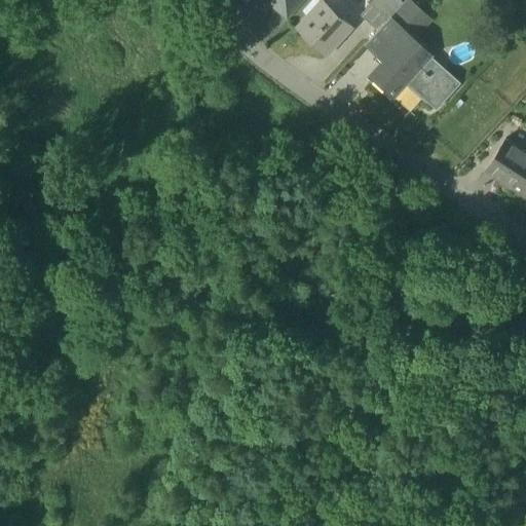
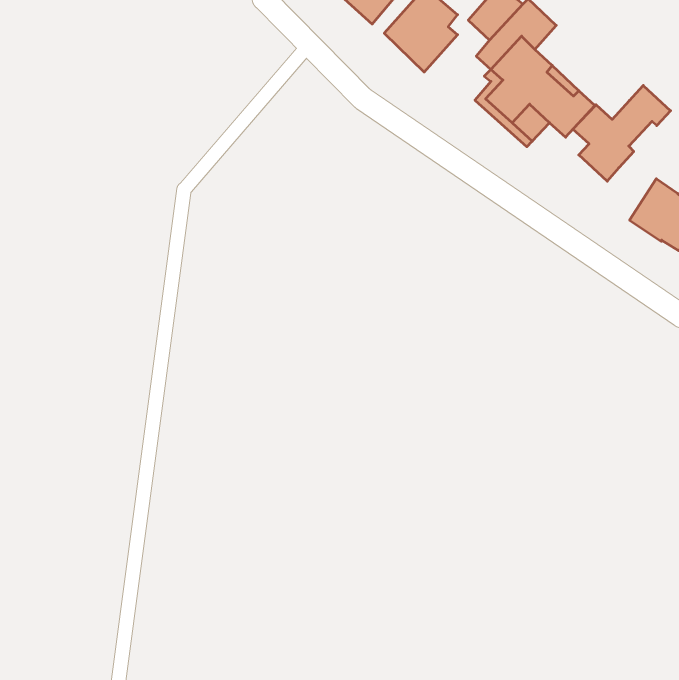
building: none -> [573,85,671,181]

